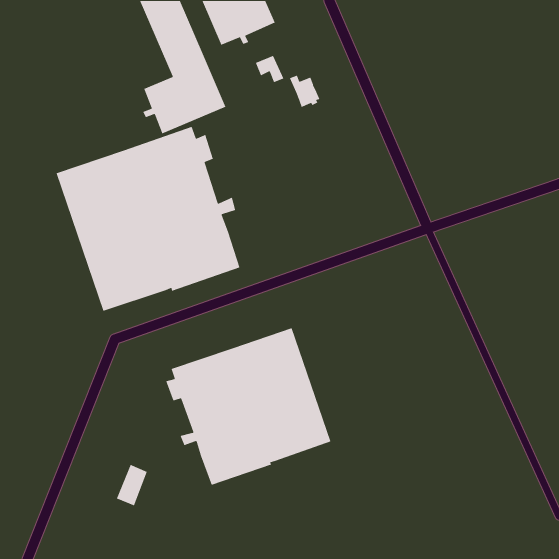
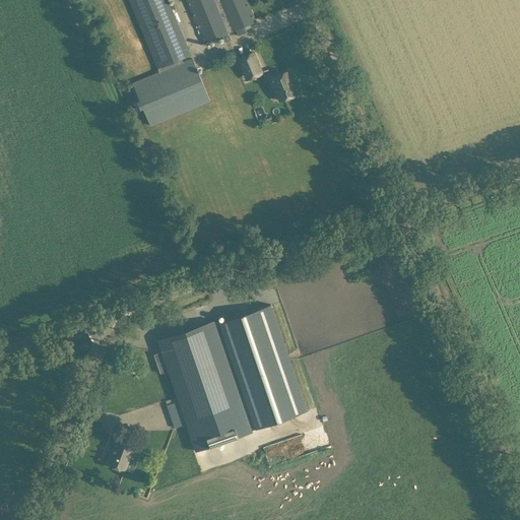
building: [55,126,240,312] -> none

